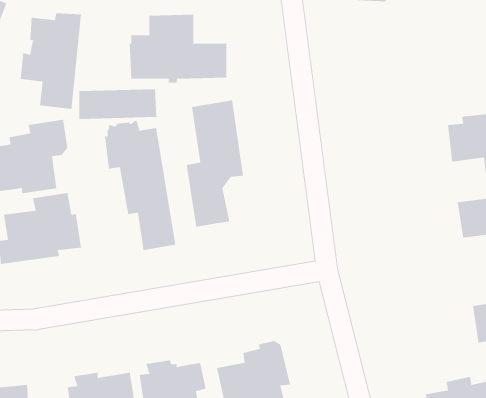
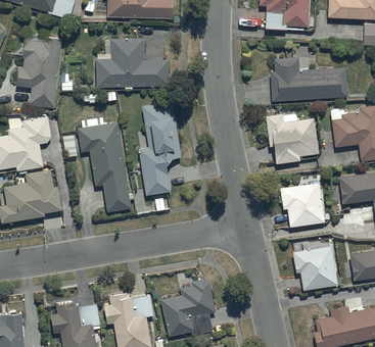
building: none -> [270,58,347,101]
building: [79,88,157,120] -> none
building: none -> [265,112,319,164]
building: none -> [280,184,328,228]
building: none -> [292,246,337,291]

